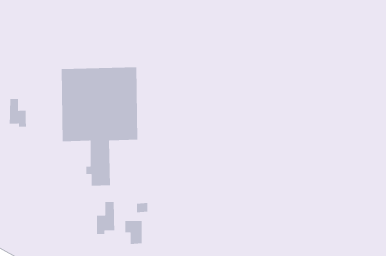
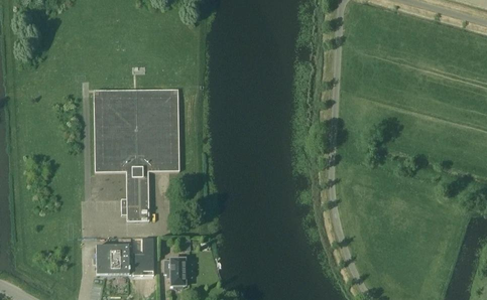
building: [9,98,27,127] -> none
building: none -> [96,246,129,274]

